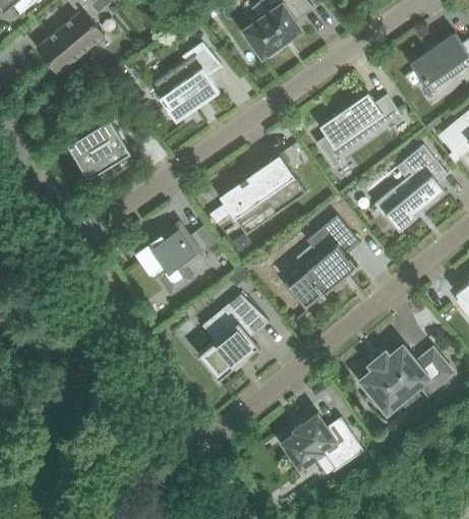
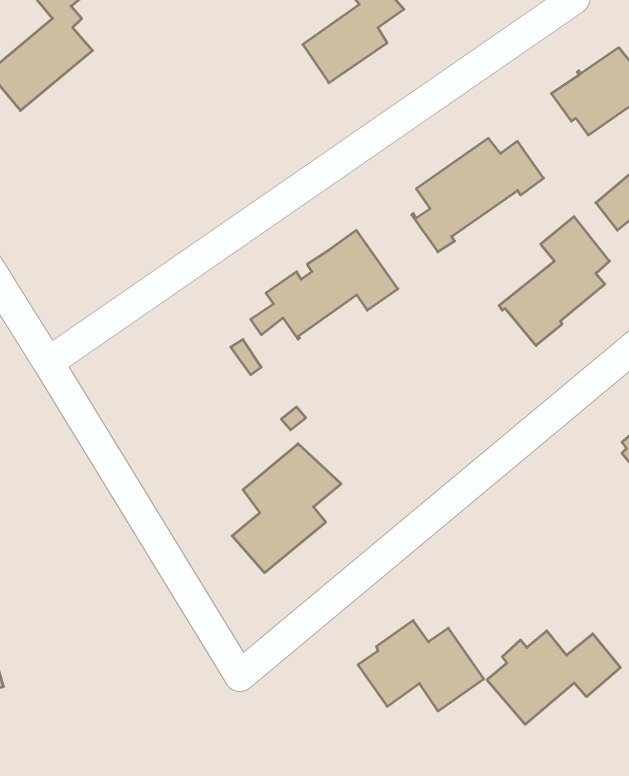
building: [153,44,222,123] -> none
building: [66,94,130,180] -> none
building: [284,216,360,309] -> none
building: [135,224,200,295] -> none
building: [361,349,450,411] -> [487,631,620,724]

